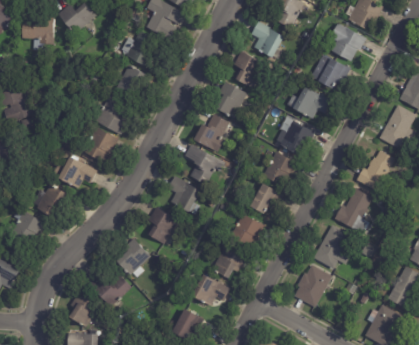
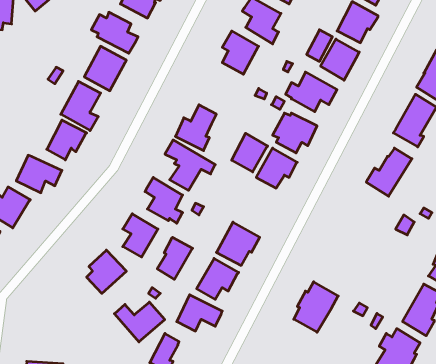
building: [212,81,247,118] -> none
building: [250,182,281,215] -> [232,133,268,172]
building: [335,188,374,233] -> none
building: [313,224,353,269] -> none
building: none -> [157,237,193,279]
building: [88,273,131,307] -> [114,302,165,342]
building: [63,291,99,329] -> none

